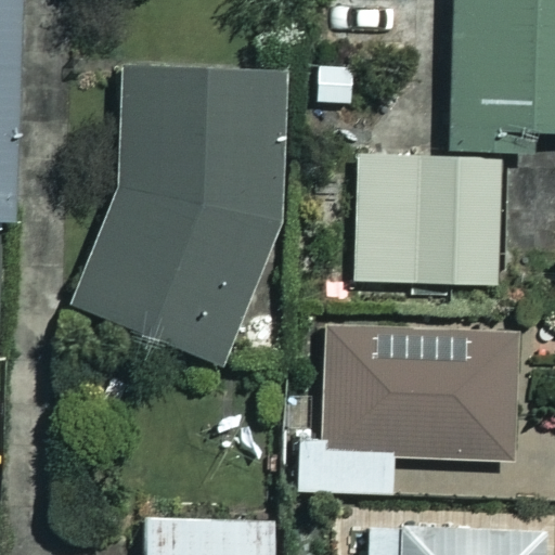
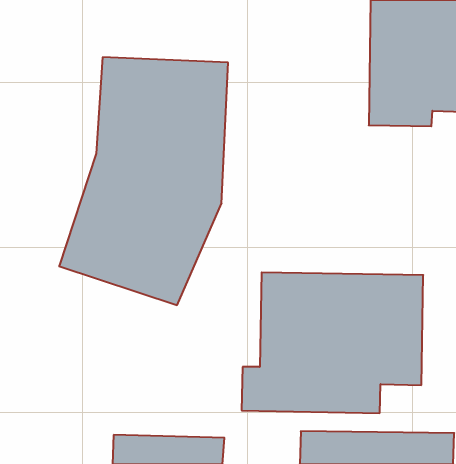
building: [354,160,505,283] -> none

